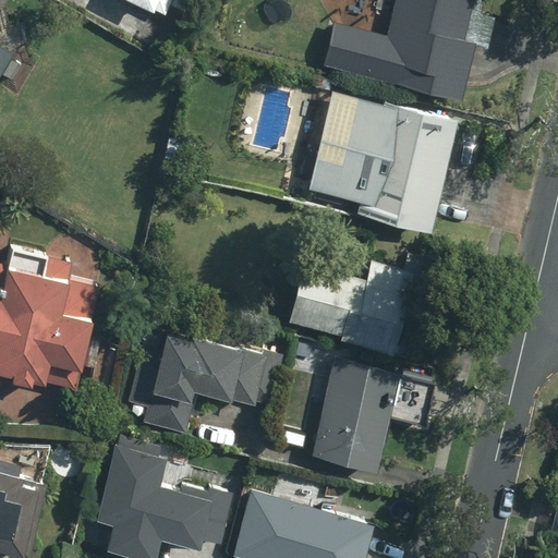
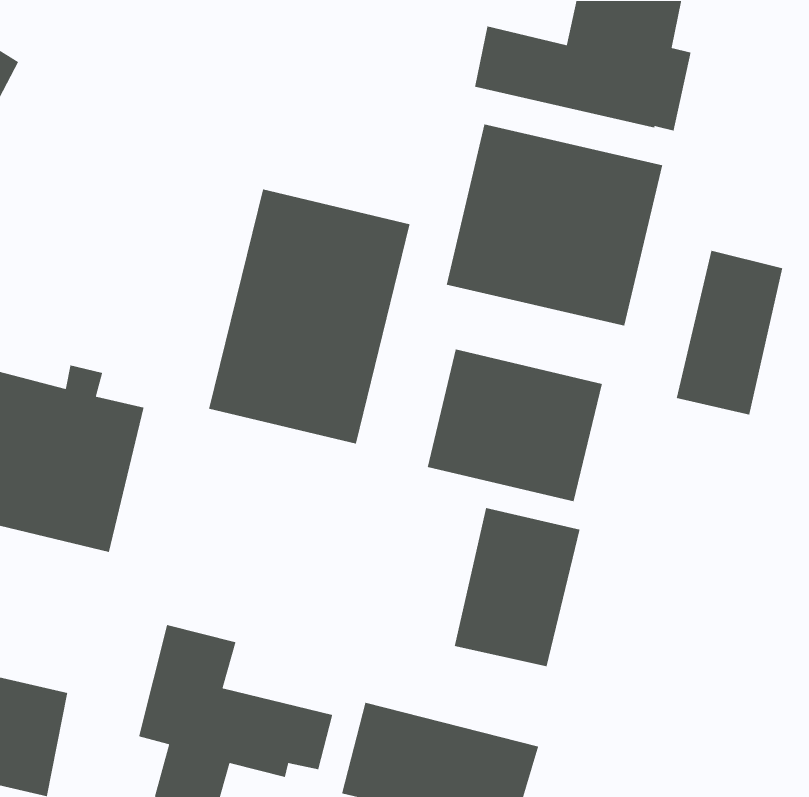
building: none -> [208,188,411,444]
building: none -> [676,250,783,416]
building: [129,332,283,433] -> none

